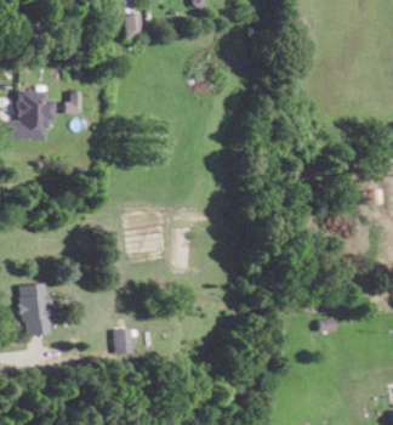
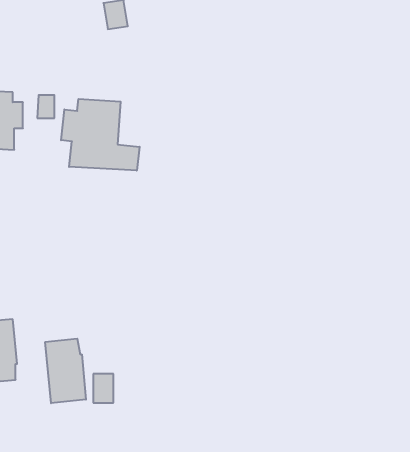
building: none -> [61,99,140,171]
building: none -> [45,339,86,403]

